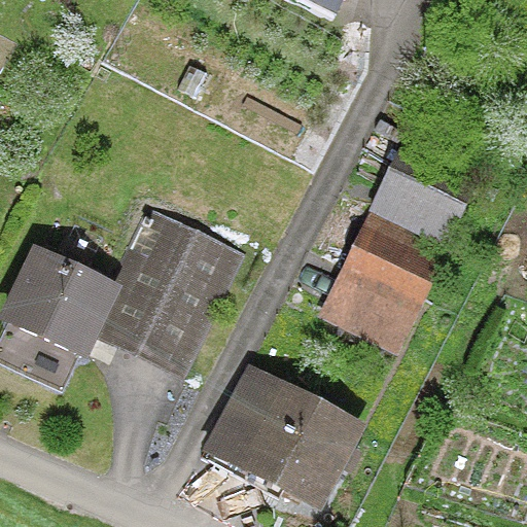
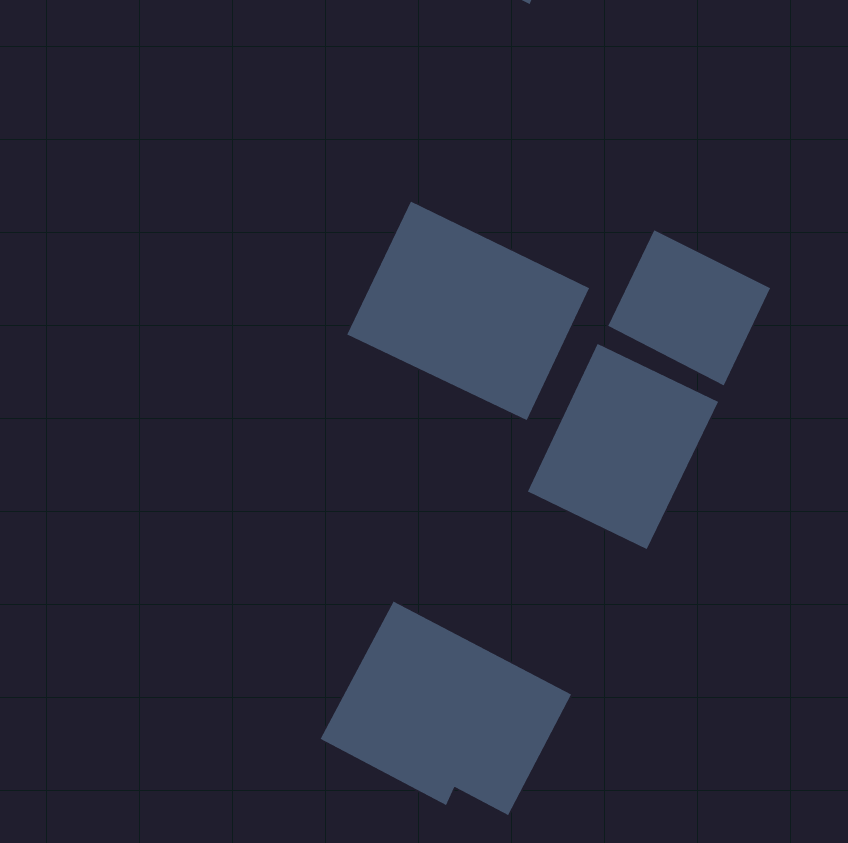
building: none -> [346,201,590,421]
building: [8,213,241,354] -> none

